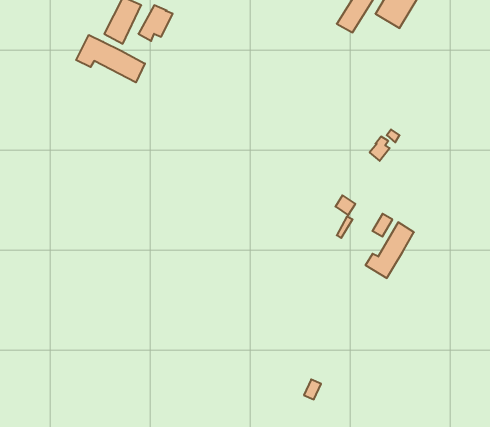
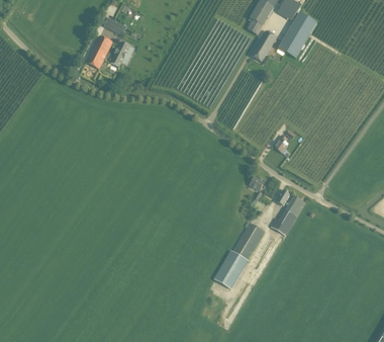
building: [76,35,145,82] -> none
building: none -> [215,221,264,287]

